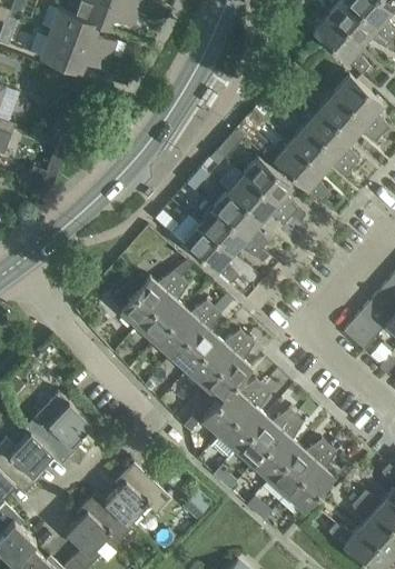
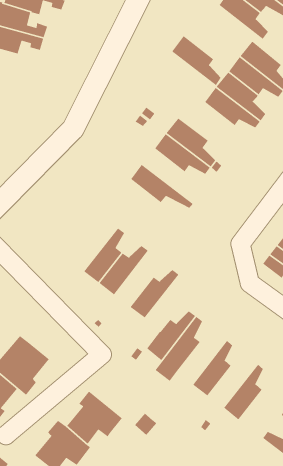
building: [273,142,328,203] -> [171,35,221,86]
building: [211,191,267,251] -> none
building: [171,216,237,284] -> none
building: [119,272,179,327] -> none
building: [169,308,220,371] -> none
building: [203,338,254,401] -> none
building: [235,410,295,466] -> none
building: [268,440,328,495] -> none

